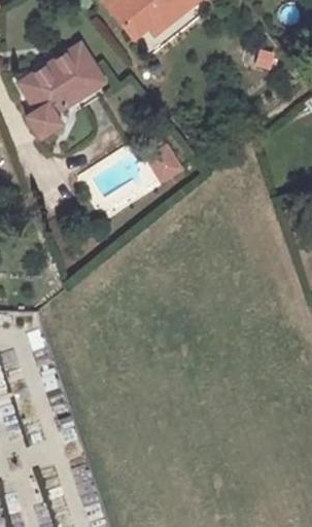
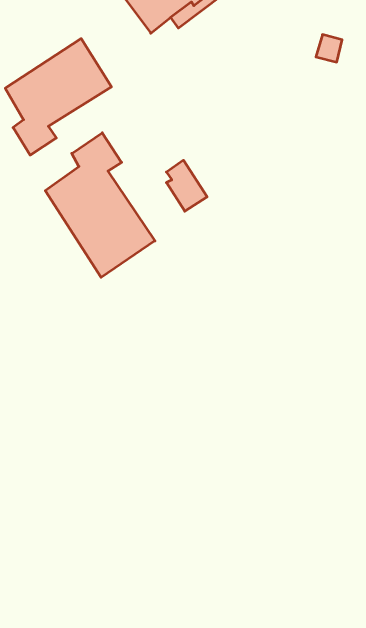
building: none -> [45,133,155,277]

